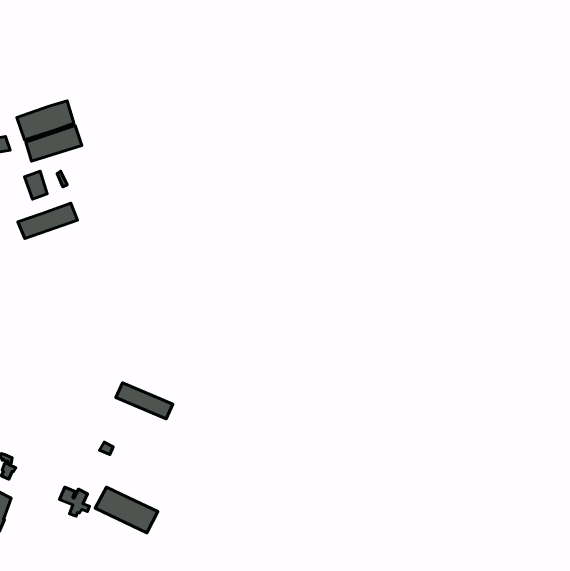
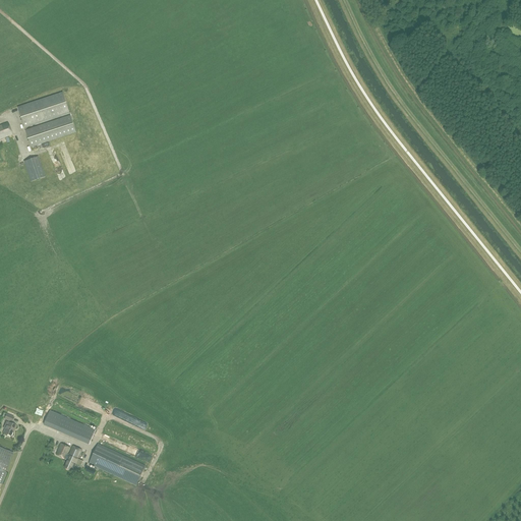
building: [18,203,78,239] -> none
building: [116,383,173,419] -> [42,410,94,443]

